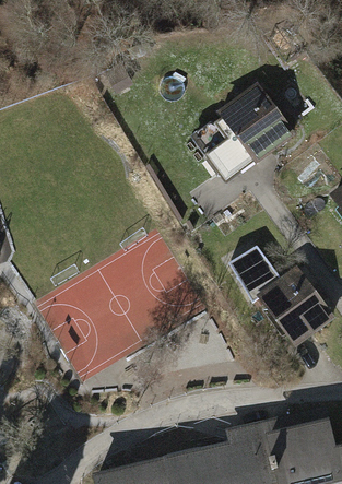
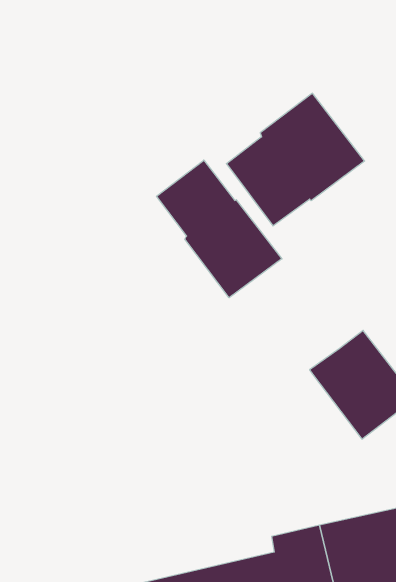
building: none -> [157,160,282,298]
building: [231,249,280,306] -> none

